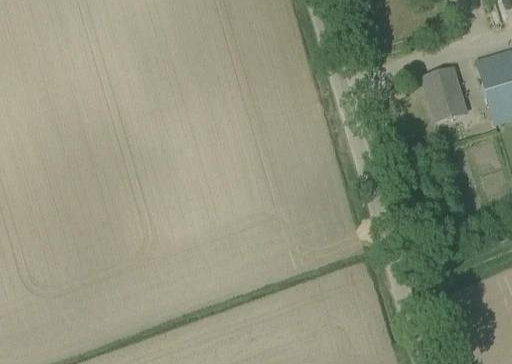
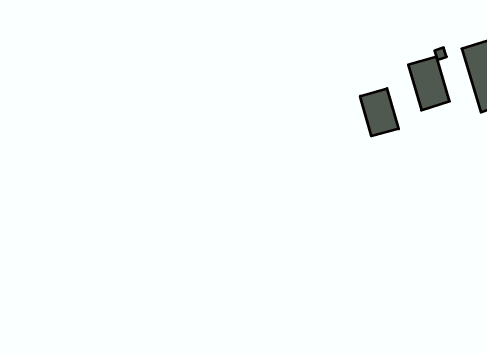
building: none -> [360,88,399,136]

